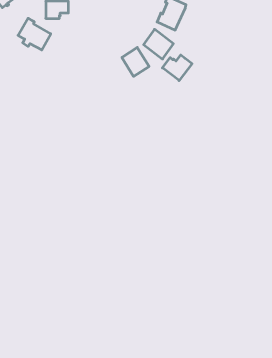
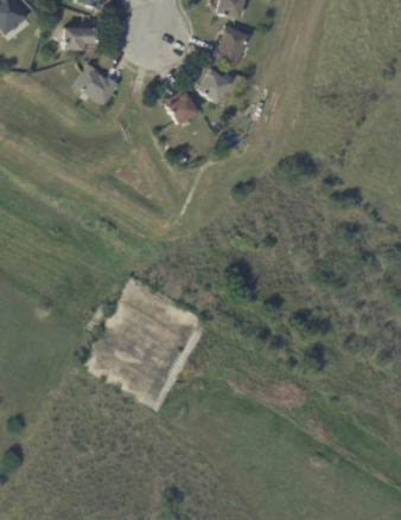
building: [18,18,51,50] -> [75,62,117,103]
building: [162,55,192,81] -> none

